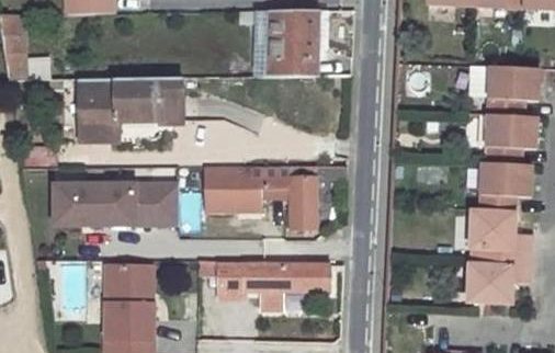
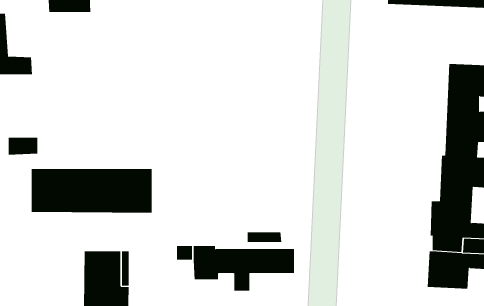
building: [239,12,316,78] -> none
building: [80,79,182,140] -> none
building: [207,166,344,228] -> none

